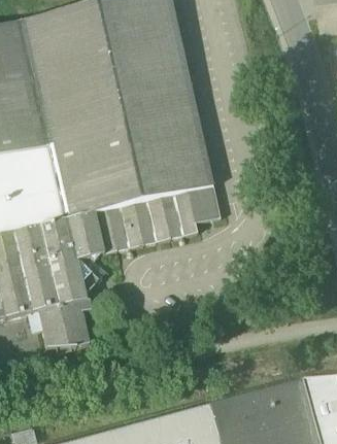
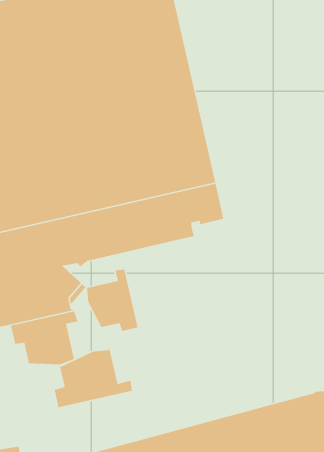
building: none -> [86,269,138,332]
building: none -> [54,349,133,408]

